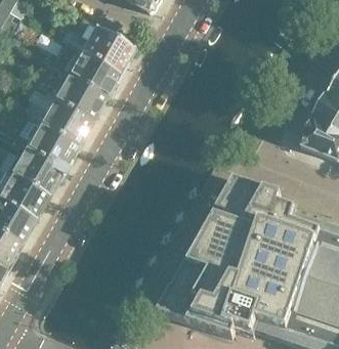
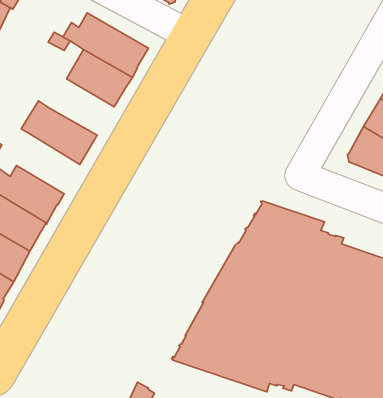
building: [31,63,102,122] -> none
building: [22,123,76,171] -> none

